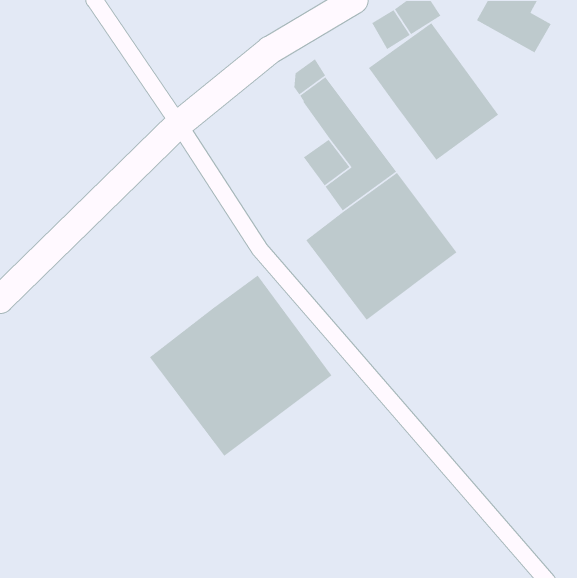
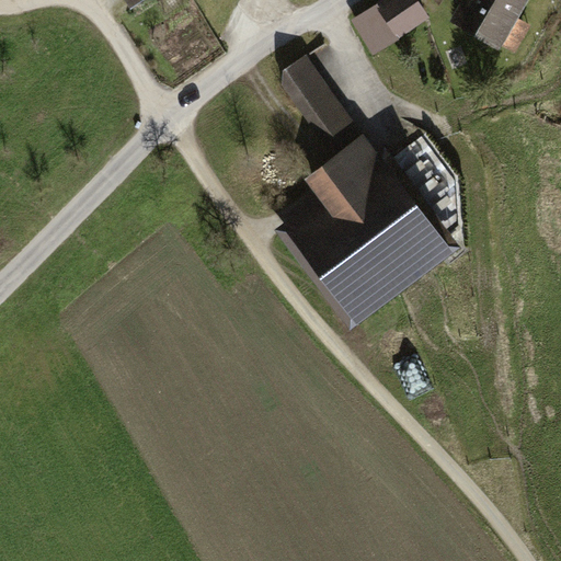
building: [368,22,499,161] -> none
building: [149,274,333,457] -> none

